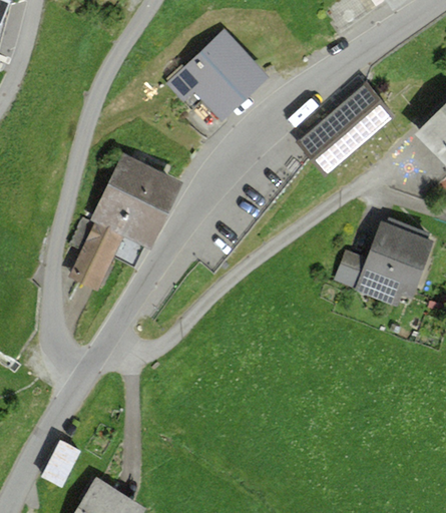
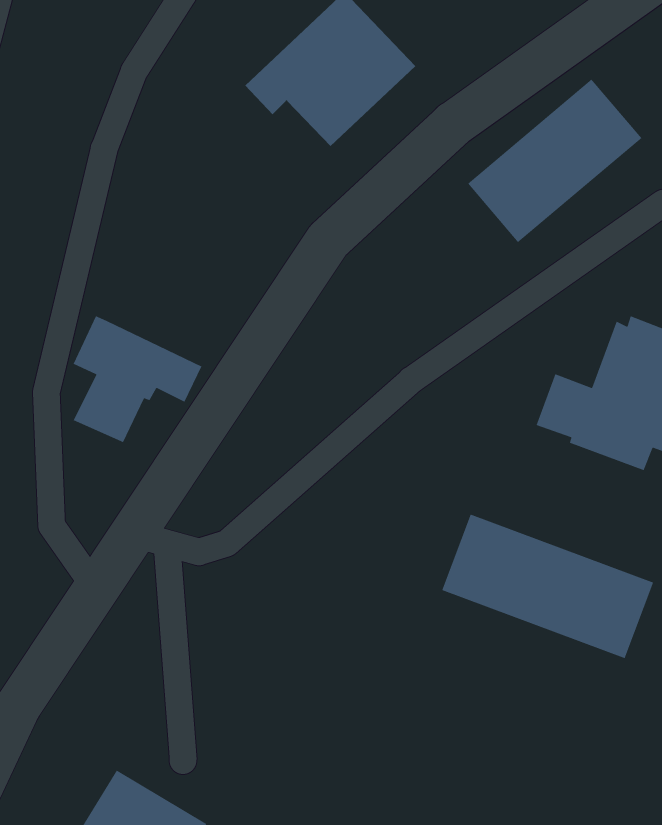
building: [90,152,182,248] -> none
building: none -> [441,514,654,659]
building: [42,440,80,487] -> none

